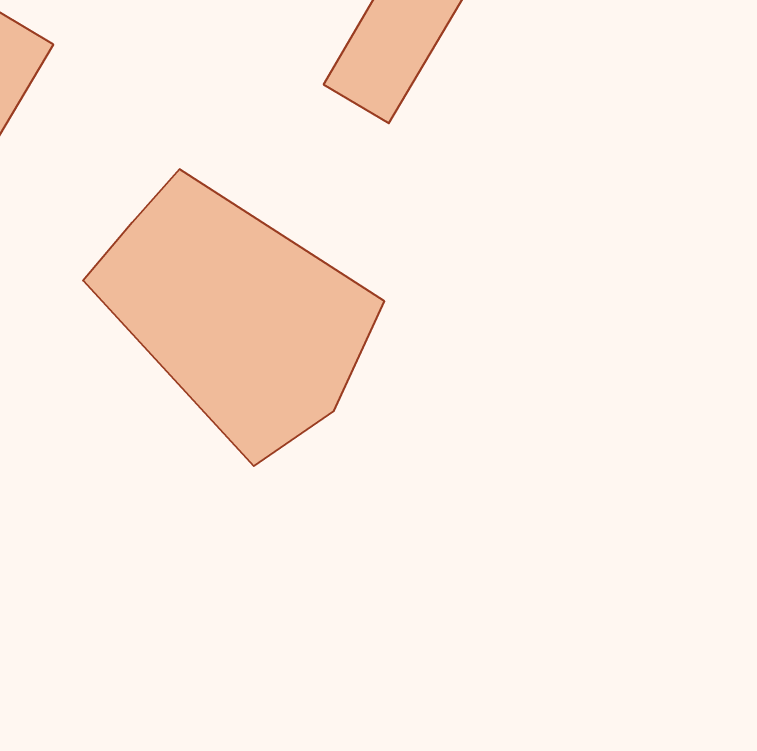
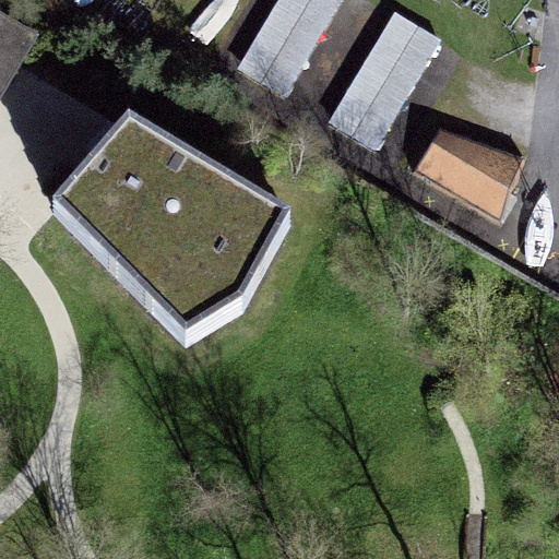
building: none -> [329,7,443,145]
building: none -> [416,127,523,218]

